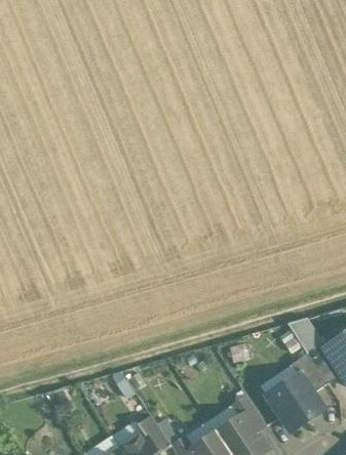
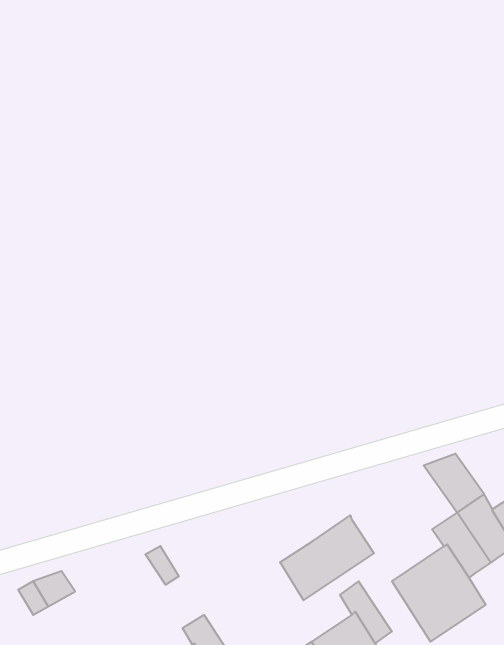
building: none -> [280,515,374,600]

